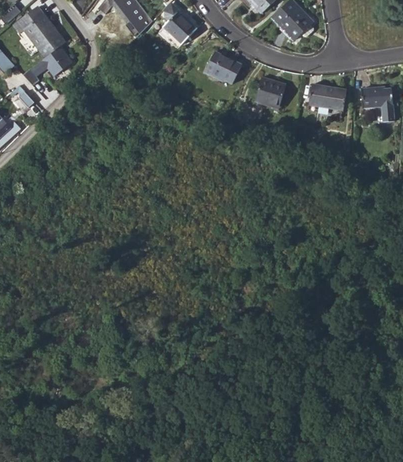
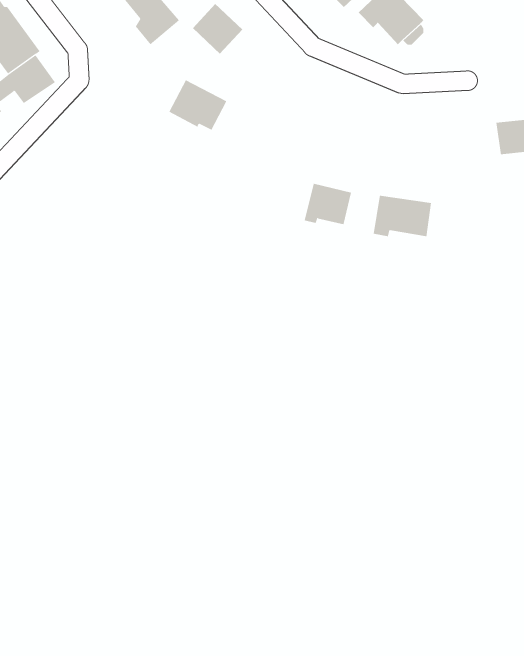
building: [203,51,241,84] -> [168,79,227,130]
building: [254,78,285,105] -> [304,183,352,225]
building: [307,84,345,111] -> [373,195,432,237]

